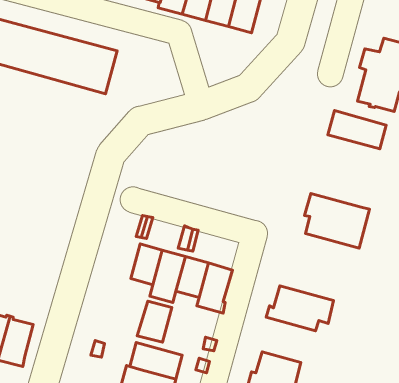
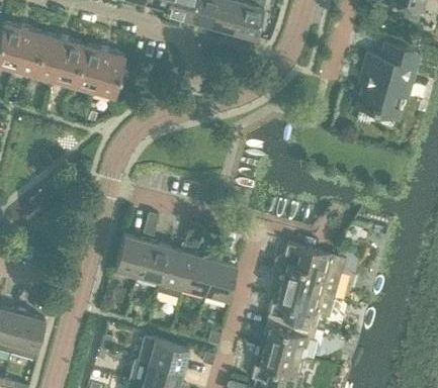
building: [328,110,386,149] -> none
building: [305,194,370,248] -> [281,242,344,295]
building: [137,301,172,342] -> [114,234,148,274]
building: none -> [265,311,317,355]

